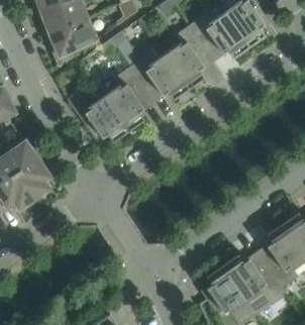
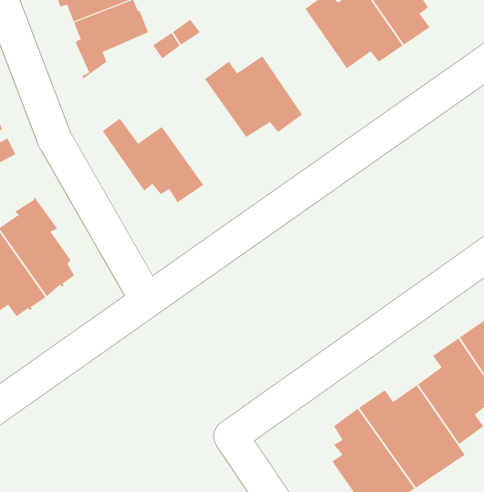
building: [164,25,214,89] -> none
building: [103,68,154,131] -> none

